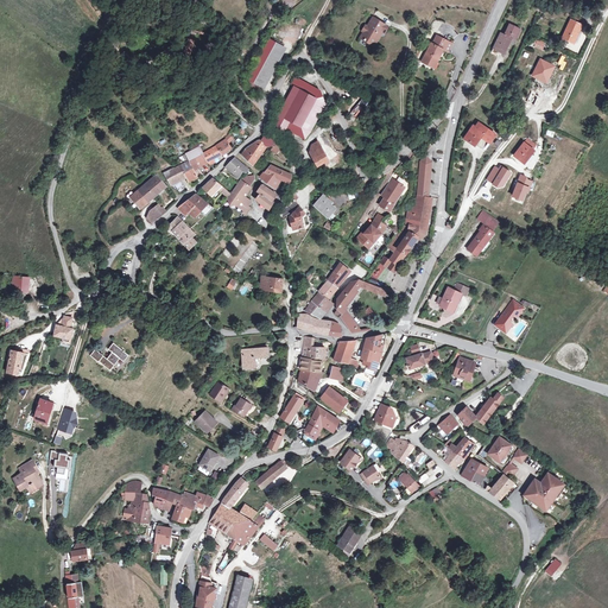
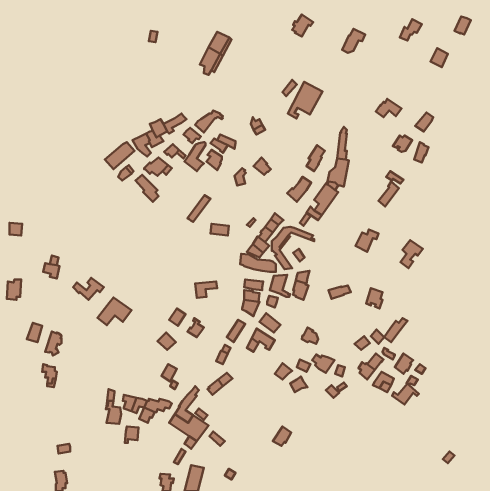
building: [273,87,316,132] -> [288,82,322,118]
building: none -> [97,297,132,325]
building: [13,461,42,493] -> none
building: [522,473,564,511] -> none

